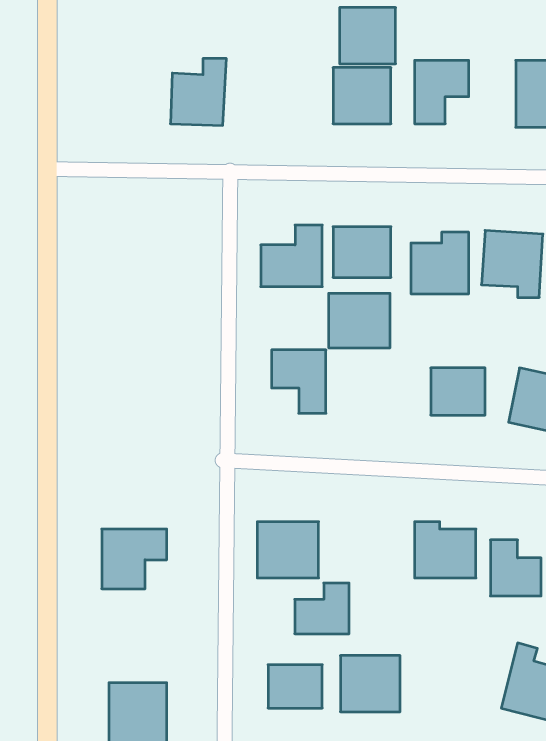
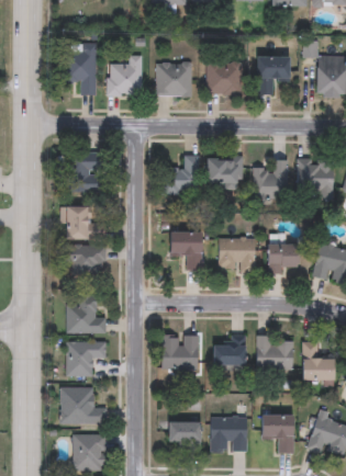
building: [340,8,396,64] -> [157,61,191,95]
building: none -> [64,43,96,94]
building: none -> [66,159,104,192]
building: [329,293,390,348] -> [217,238,255,271]
building: none -> [63,205,89,238]
building: none -> [64,245,105,271]
building: none -> [66,297,105,332]
building: [295,583,349,634] -> [212,335,245,365]
building: none -> [59,387,107,423]
building: none -> [256,415,294,453]

